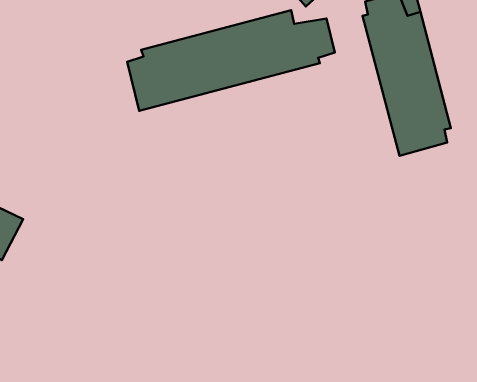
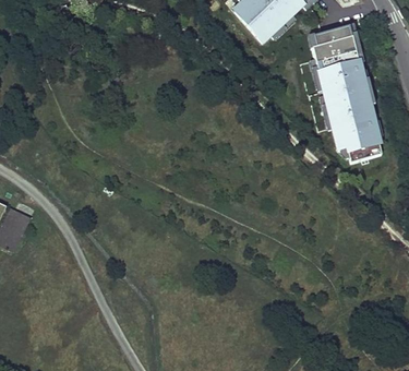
building: [127,10,335,111] -> none

